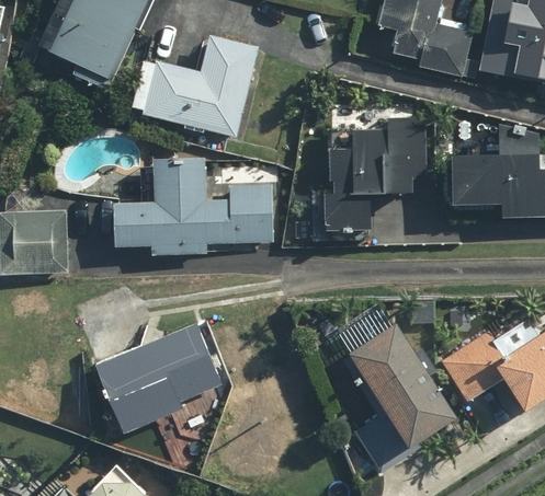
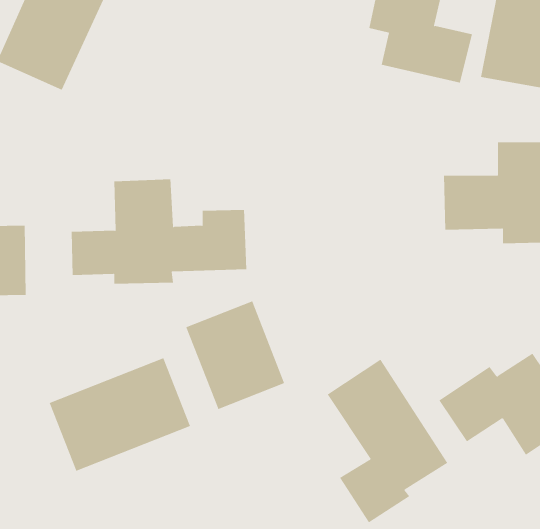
building: [143,37,258,136] -> none
building: [322,118,424,232] -> none
building: none -> [185,301,285,410]

